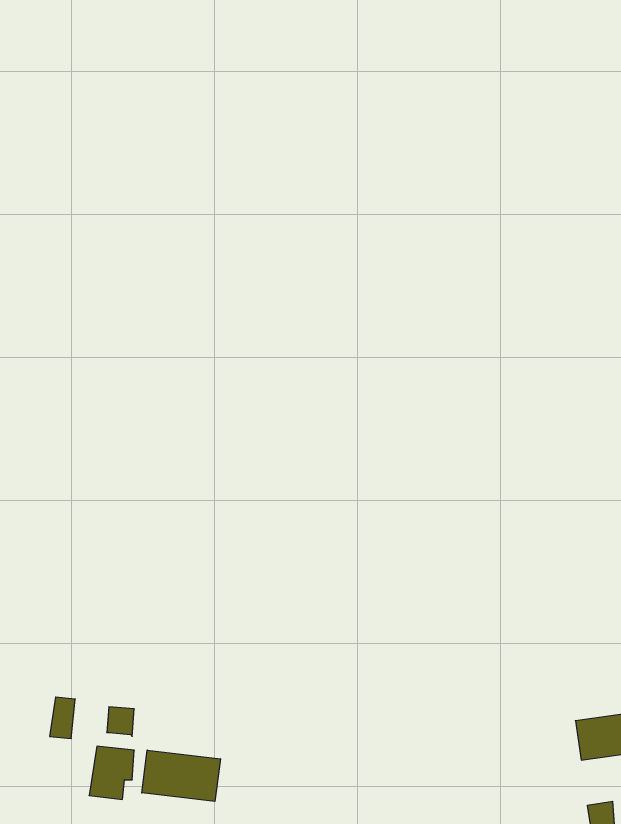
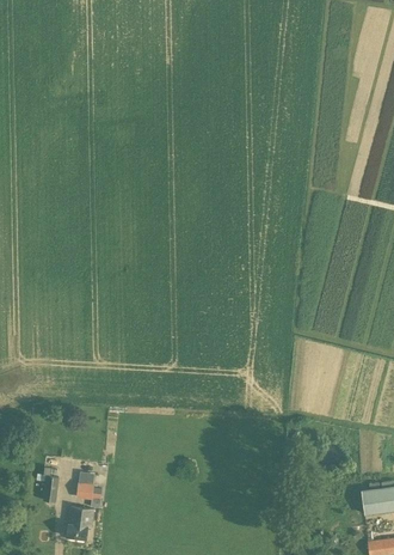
building: [142,750,220,801] -> none

